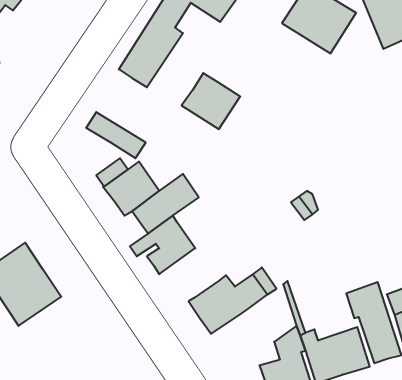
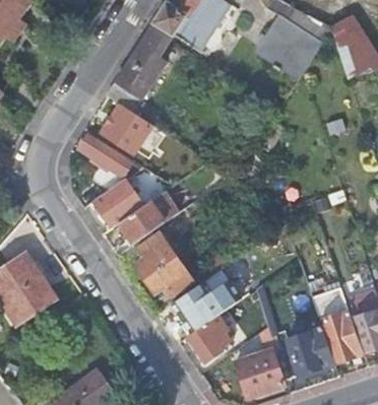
building: [182,73,240,129] -> [101,103,153,153]
building: none -> [144,256,198,313]
building: none -> [179,315,231,361]

